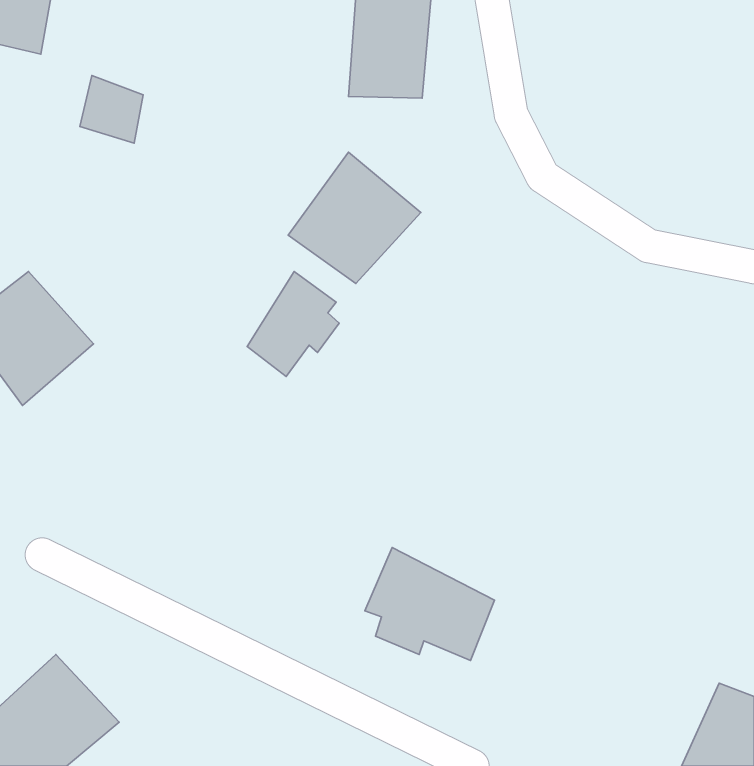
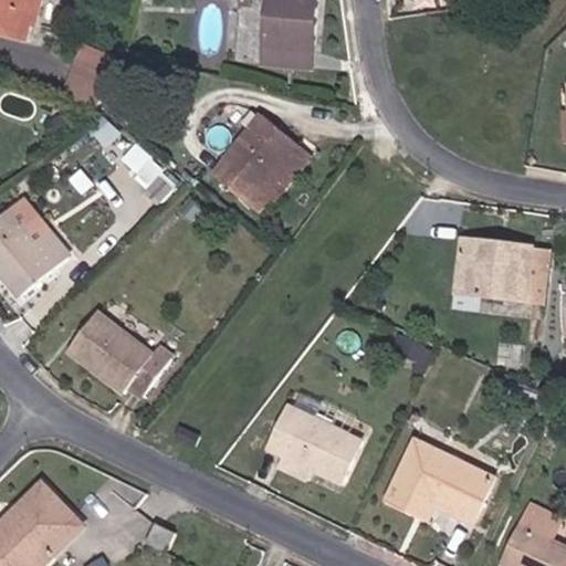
building: [247,272,339,377] -> none
building: none -> [440,237,542,305]
building: none -> [64,308,172,401]
building: none -> [385,436,497,526]

